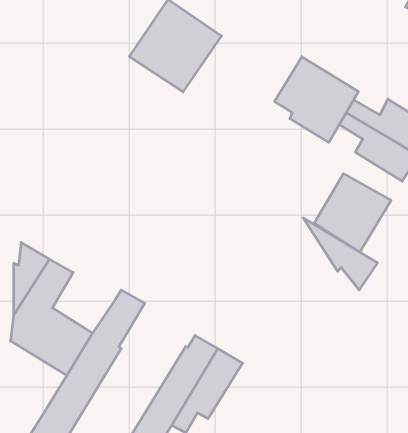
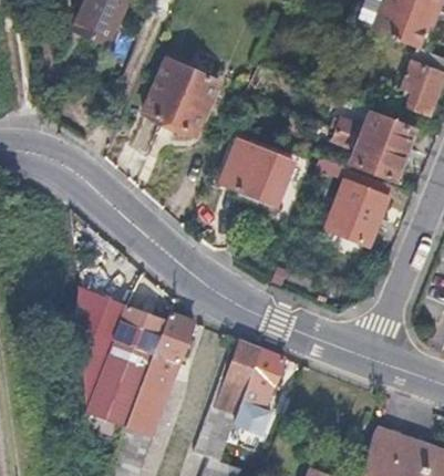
building: [275,57,358,142] -> [221,139,291,208]
building: [303,218,377,290] -> none
building: none -> [115,304,167,353]
building: none -> [84,372,137,426]

